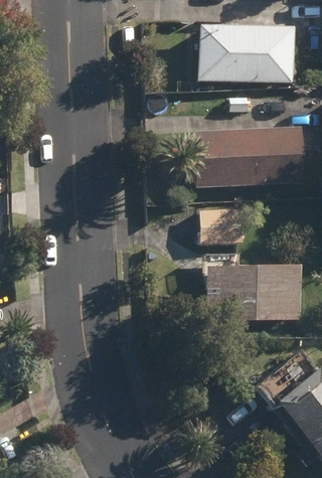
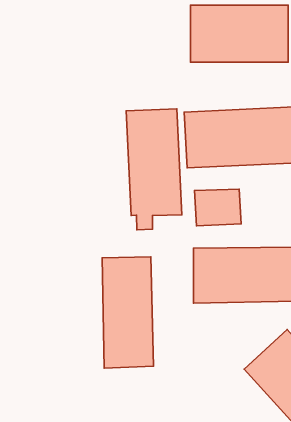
building: none -> [126,109,182,230]
building: none -> [102,257,154,368]

